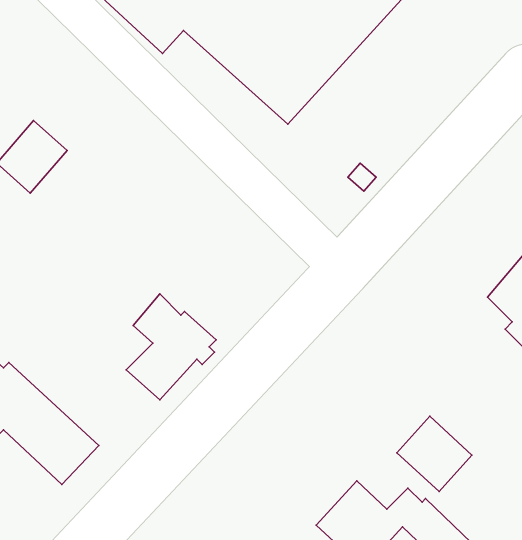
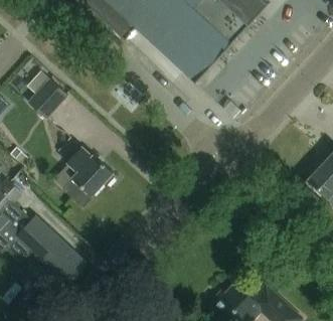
building: [126,294,216,400] -> [61,145,113,205]
building: [397,416,472,492] -> none

